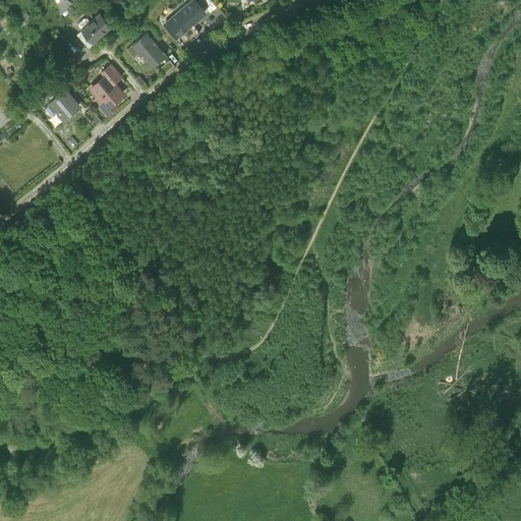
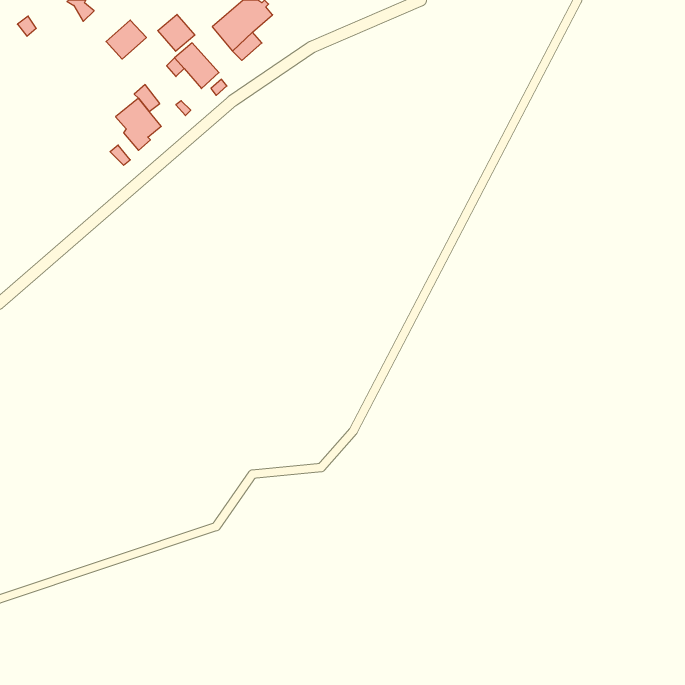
building: none -> [158,14,195,51]
building: [47,92,79,124] -> none

